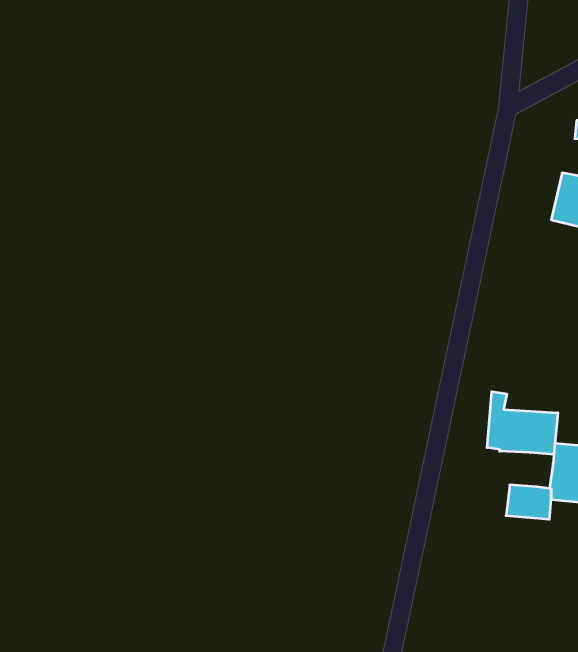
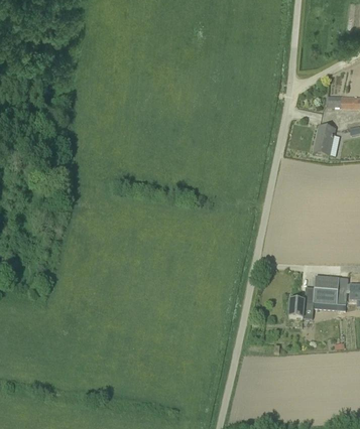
building: [487,392,558,455] -> none

